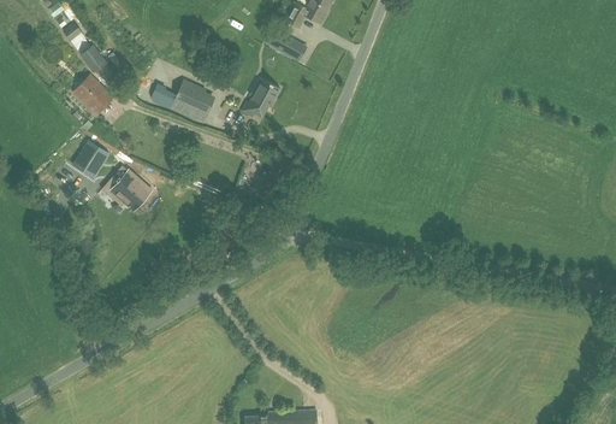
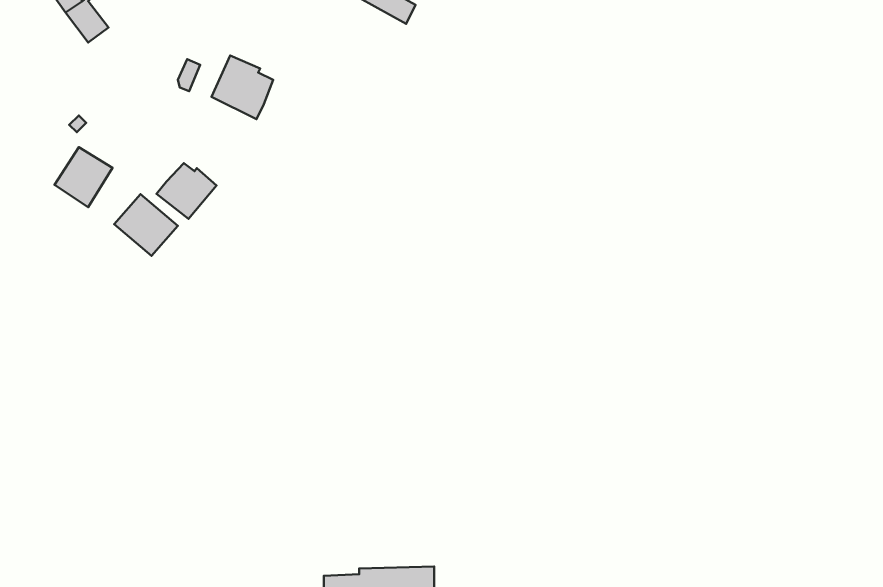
building: [72,73,111,112] -> none
building: [241,80,278,116] -> none
building: none -> [157,163,217,219]

